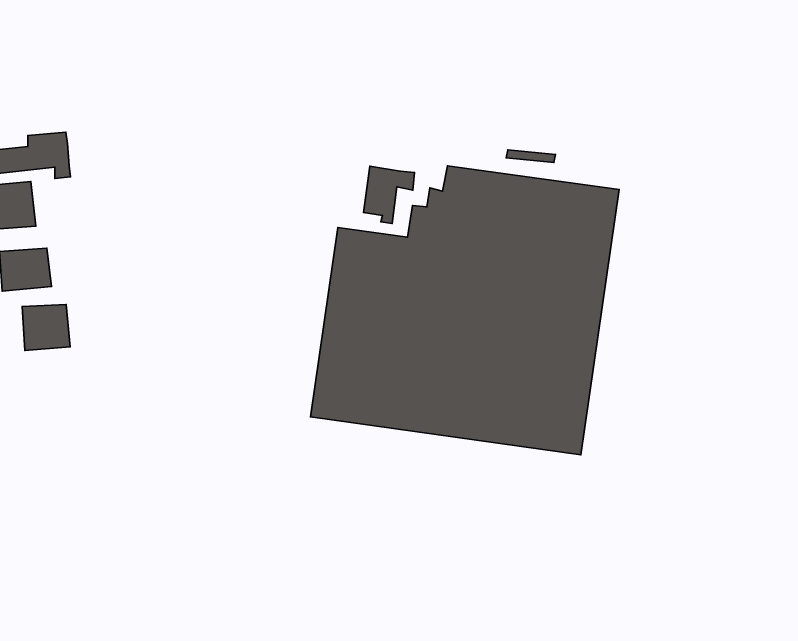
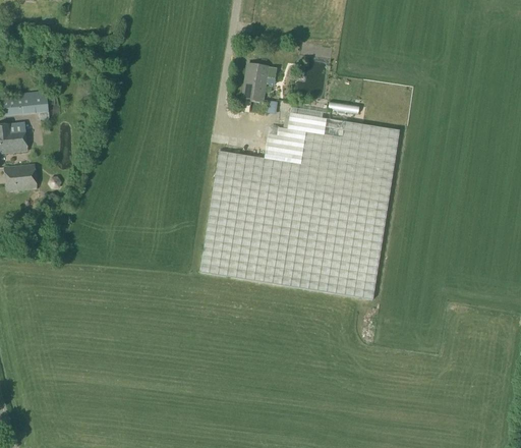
building: [363,166,414,224] -> [242,64,275,101]
building: [22,304,70,350] -> none

